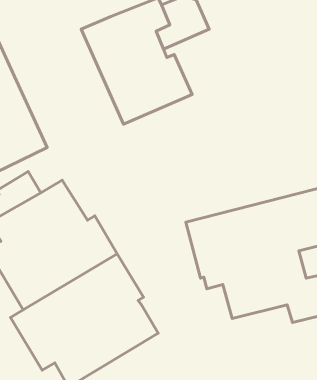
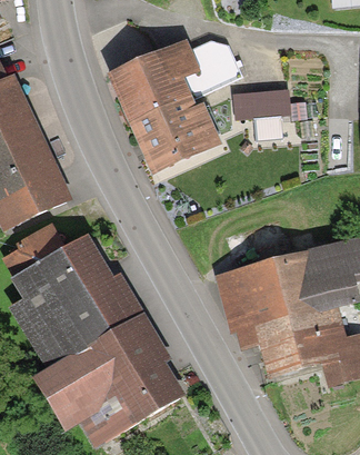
building: none -> [231,87,290,118]

